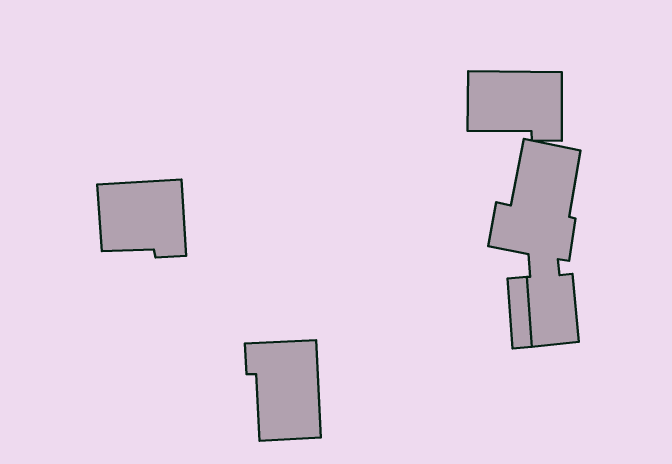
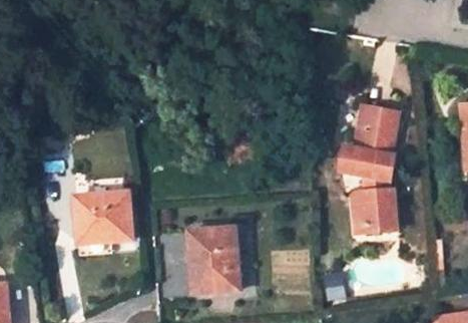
building: [467,71,562,141] -> none
building: [97,180,186,258] -> [76,192,131,240]

